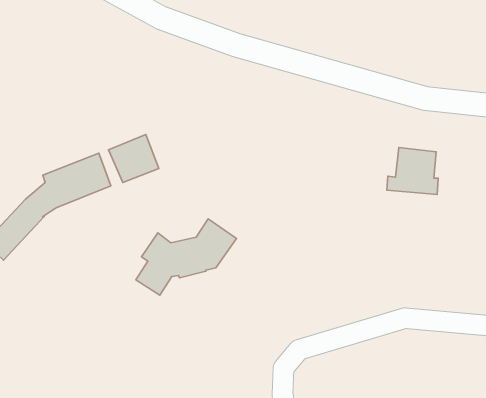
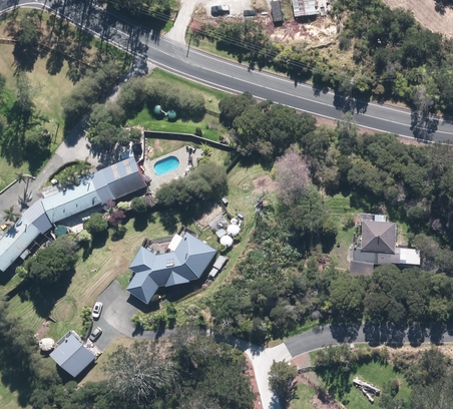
building: [387,148,438,195] -> [353,220,400,263]
building: none -> [44,334,90,379]

